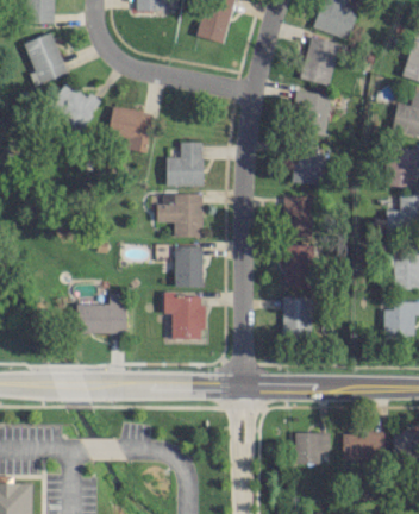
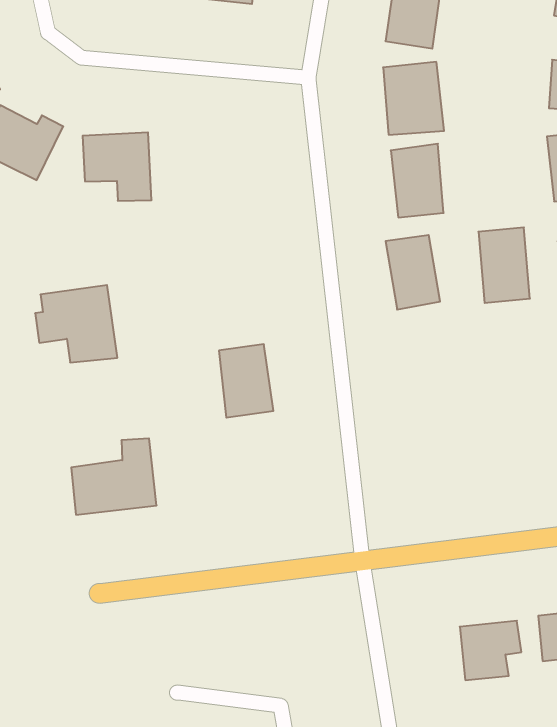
building: [165,143,202,187] -> none
building: [157,194,202,238] -> [35,285,117,362]
building: [283,245,313,289] -> [478,227,530,303]
building: [163,292,204,339] -> none
building: [282,299,312,336] -> none

